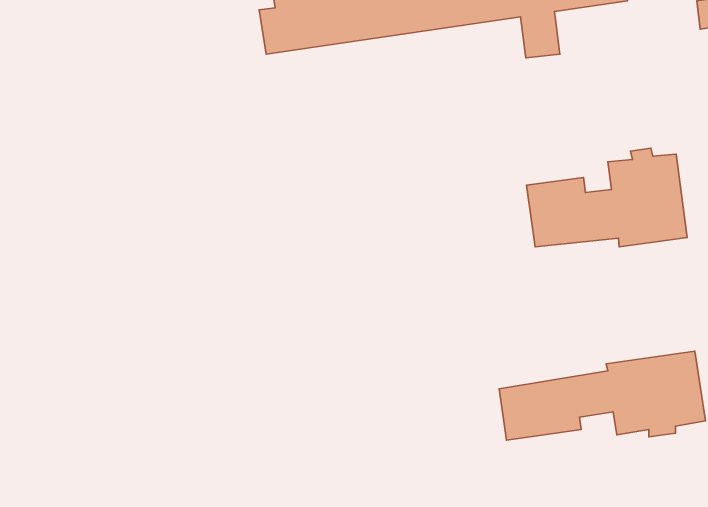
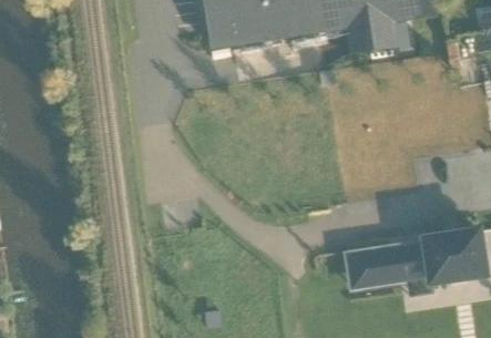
building: [526,148,687,247] -> none

